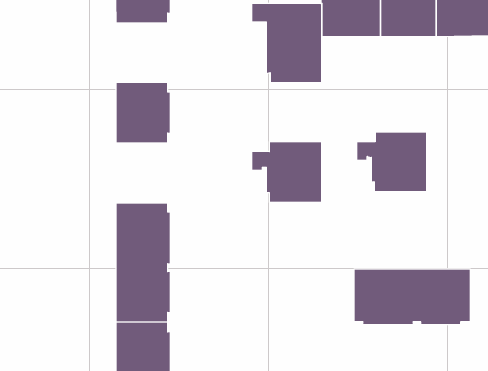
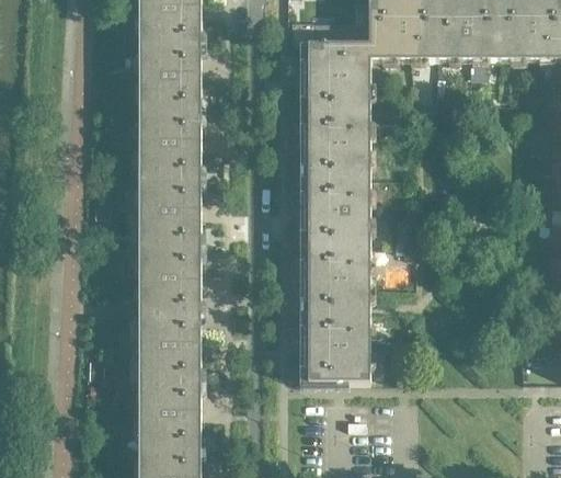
building: none -> [139,43,201,110]
building: [357,132,427,192] -> [291,110,370,177]
building: none -> [139,178,201,246]
building: none -> [291,244,370,380]
building: [354,269,470,325] -> none

